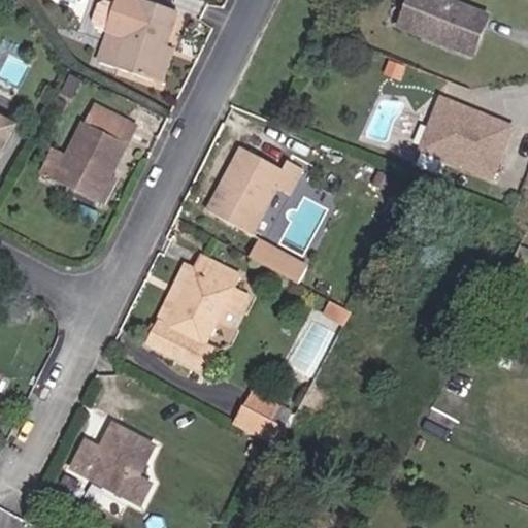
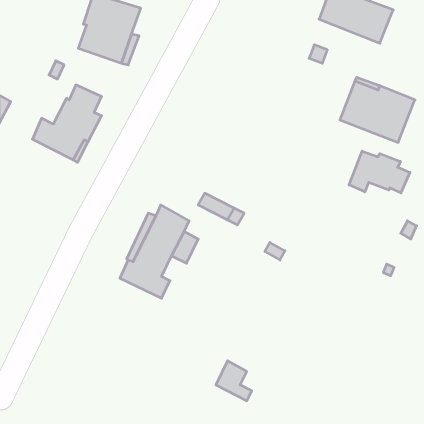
building: [206,145,300,230] -> none
building: none -> [349,151,410,193]
building: [236,392,280,441] -> [216,361,252,401]
building: [71,425,151,502] -> none

